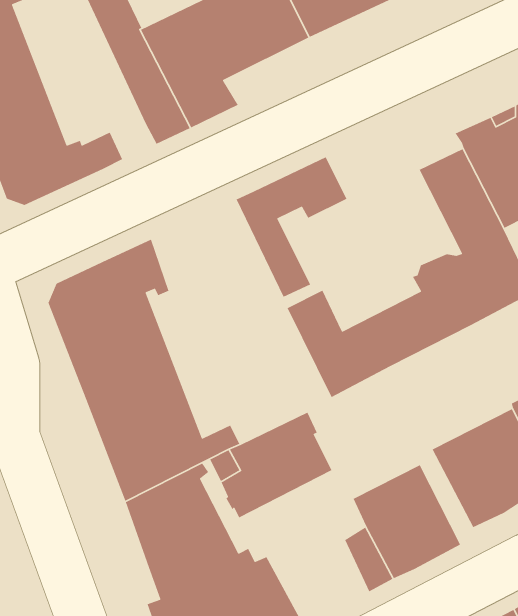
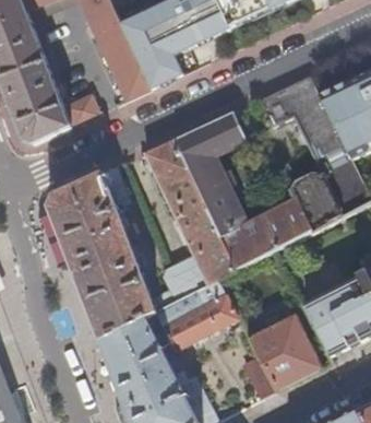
building: none -> [252,73,323,126]
building: none -> [145,138,237,301]

